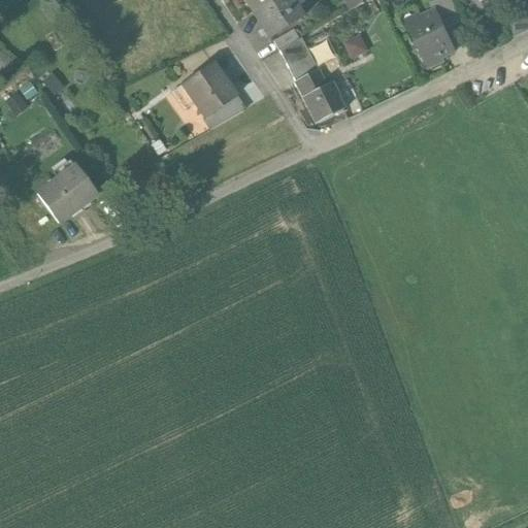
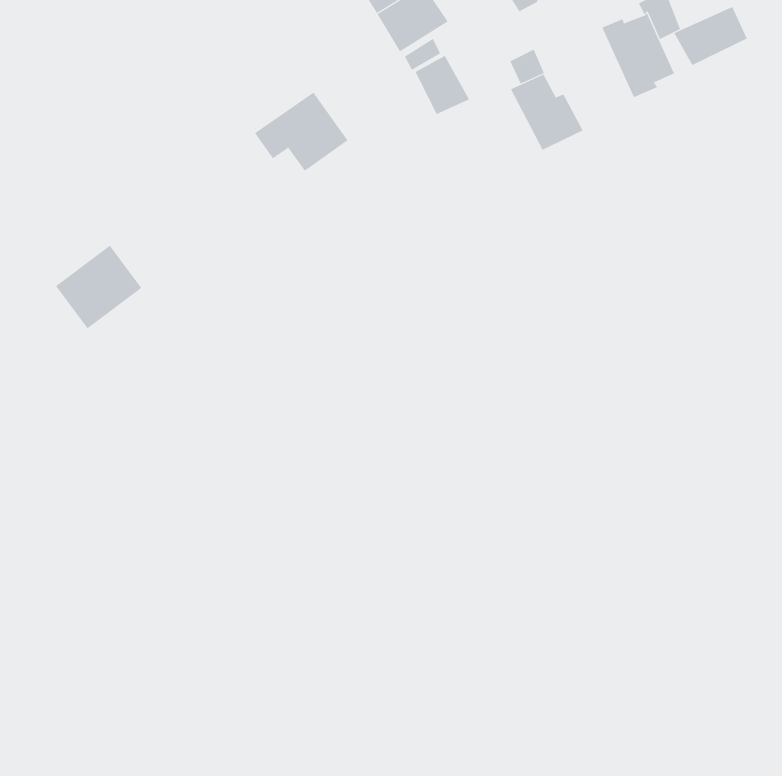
building: none -> [674,6,747,66]
building: [294,67,343,119] -> [510,74,584,150]
building: [204,95,244,126] -> none

